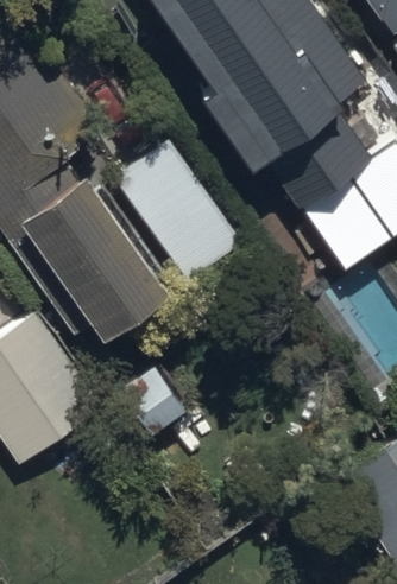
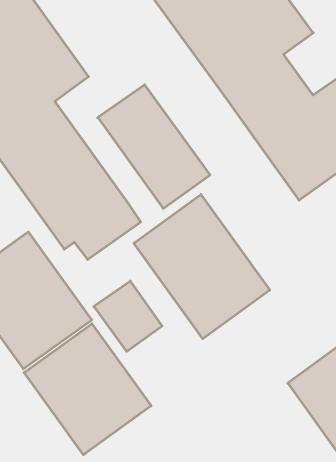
building: none -> [134,194,270,339]
building: none -> [24,324,151,455]

